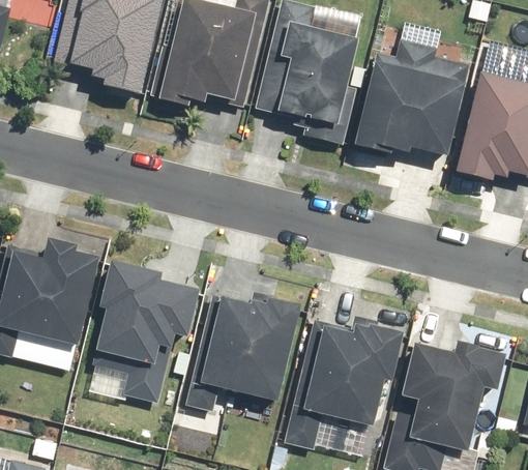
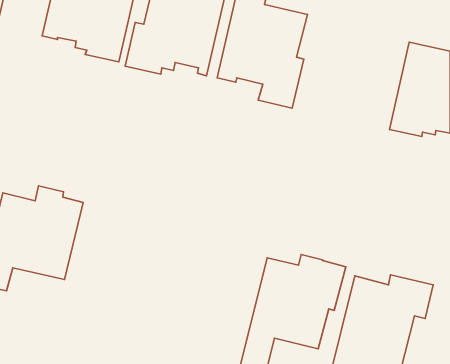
building: [356,39,468,156] -> none
building: [95,259,200,404] -> none
building: [185,291,301,414] -> none

